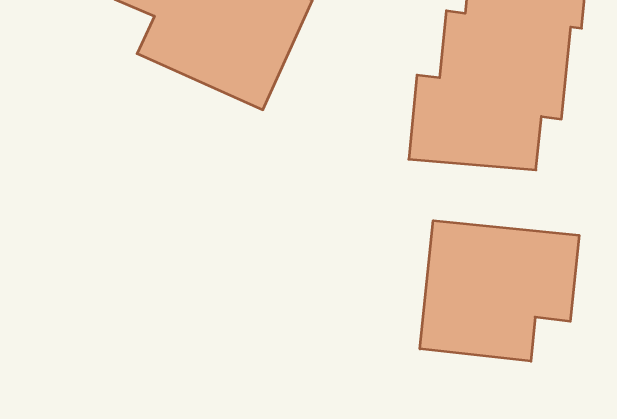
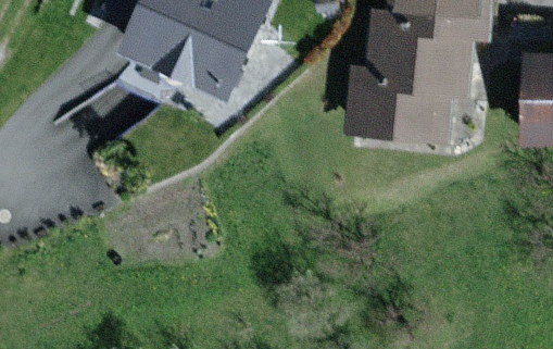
building: [420,221,579,361] -> none

